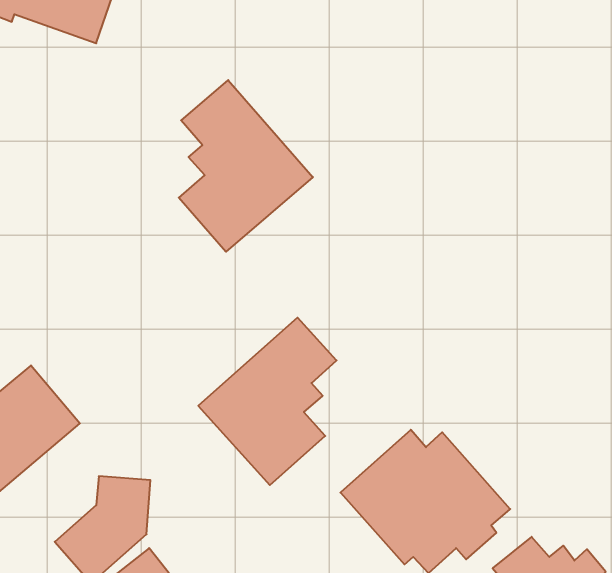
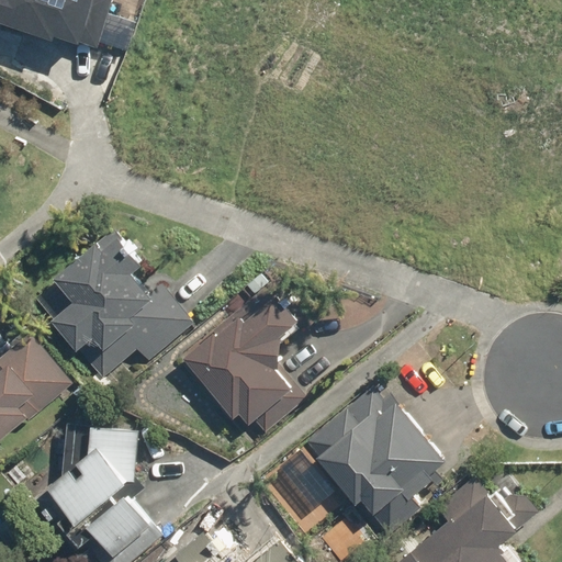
building: [179,80,313,252] -> none
building: none -> [47,225,184,379]

